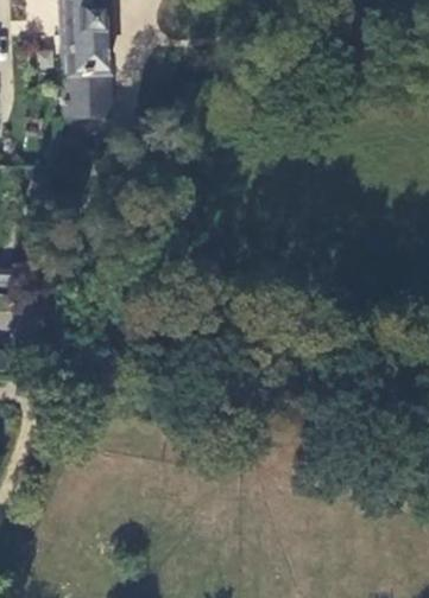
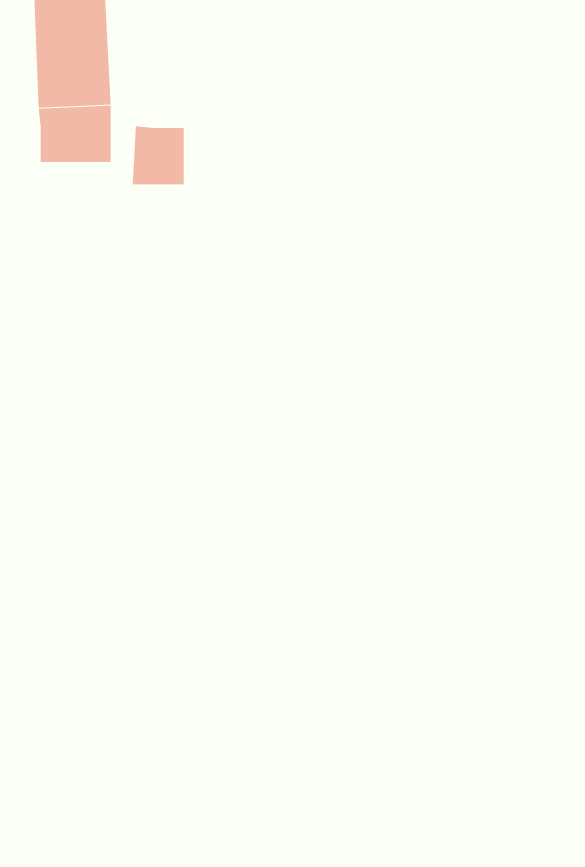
building: none -> [132,126,184,185]

